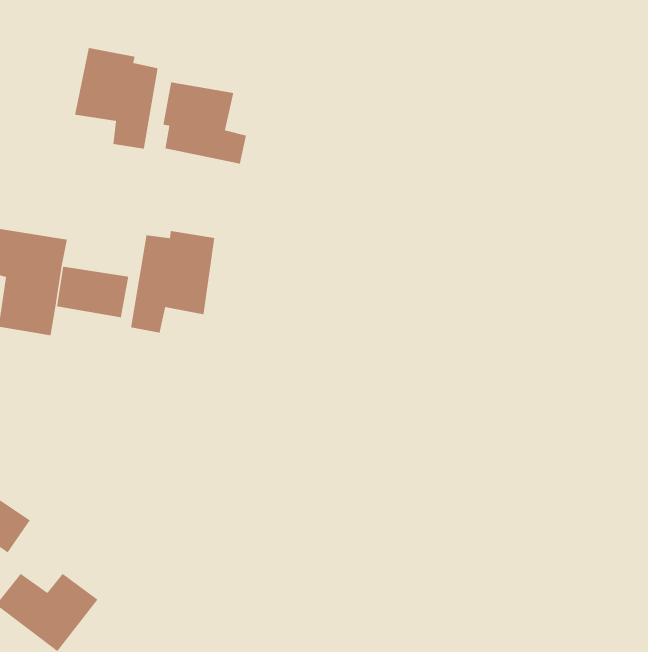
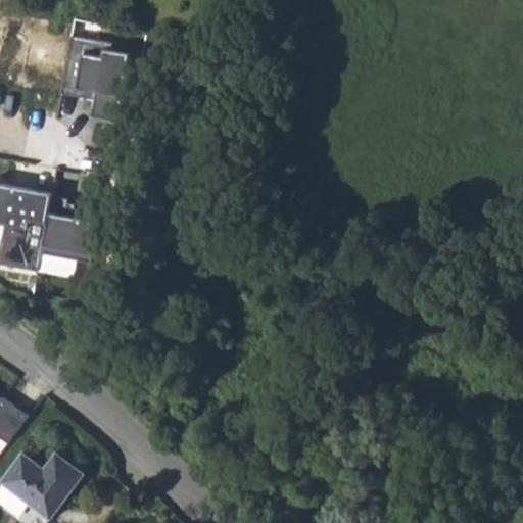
building: [162,81,247,164] -> none
building: [130,230,215,333] -> none

